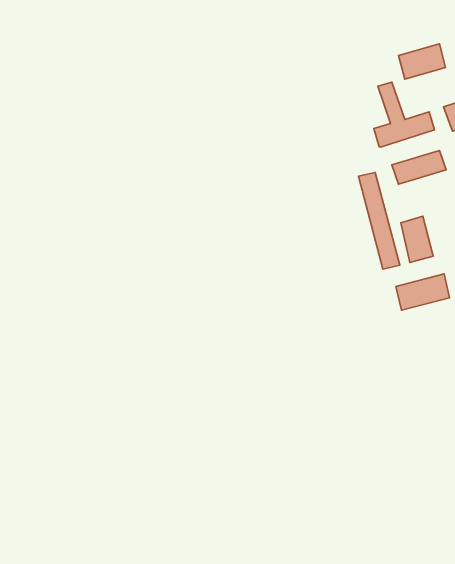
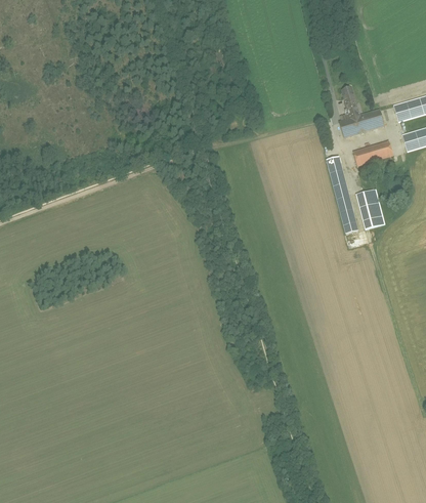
building: [399,44,446,79] -> none
building: [396,274,450,310] -> none

